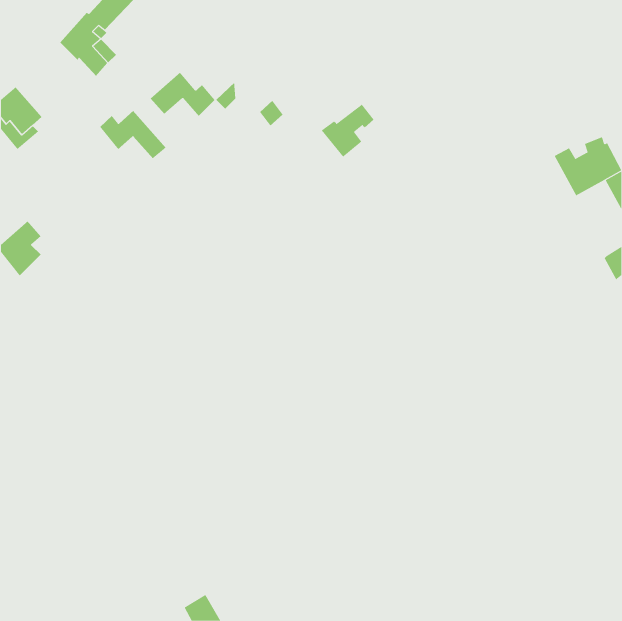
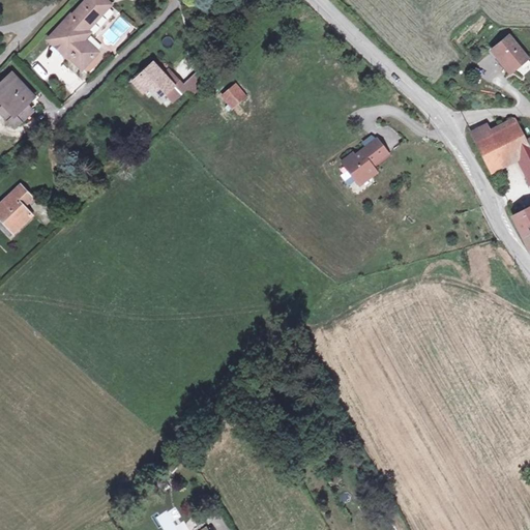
building: none -> [489,33,525,69]
building: [321,104,374,157] -> [333,141,379,186]
building: [99,110,167,159] -> none

